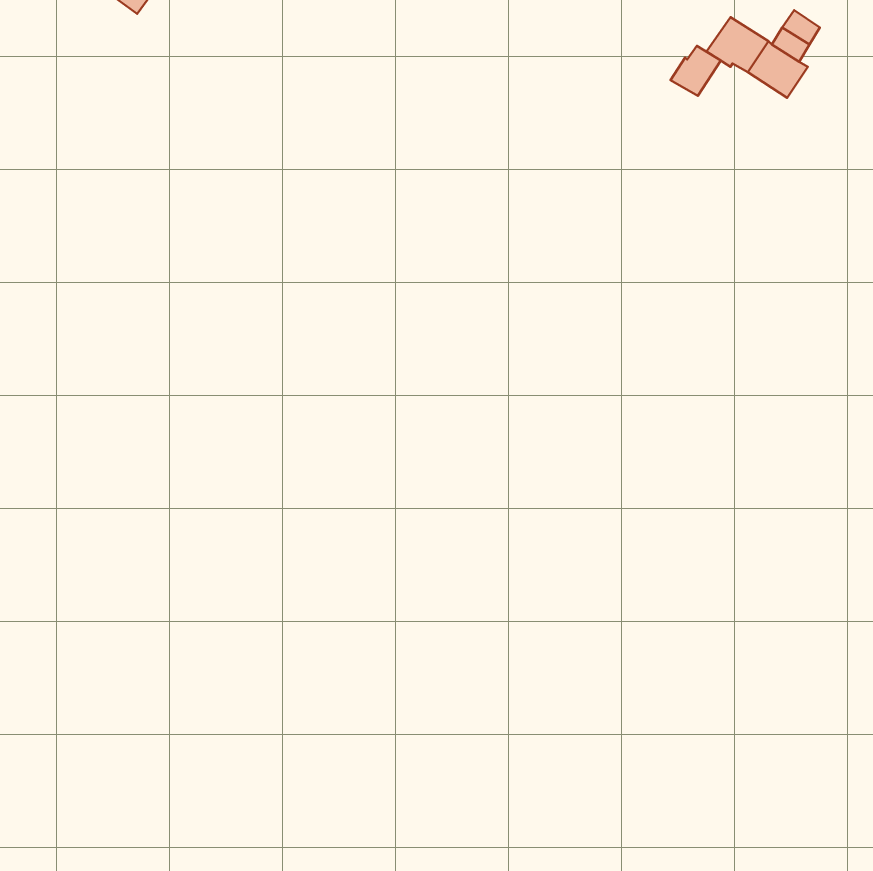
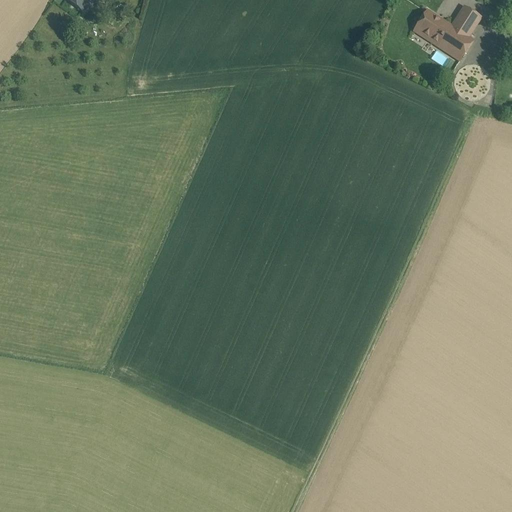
building: [671,46,721,96] -> none

